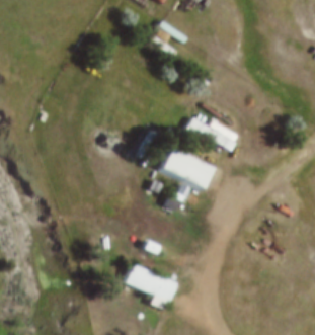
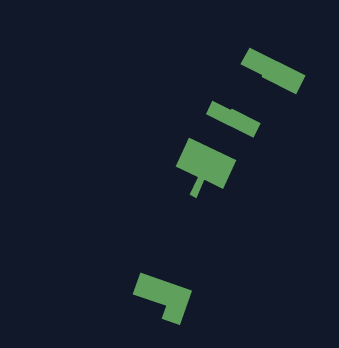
building: none -> [239,46,307,95]

